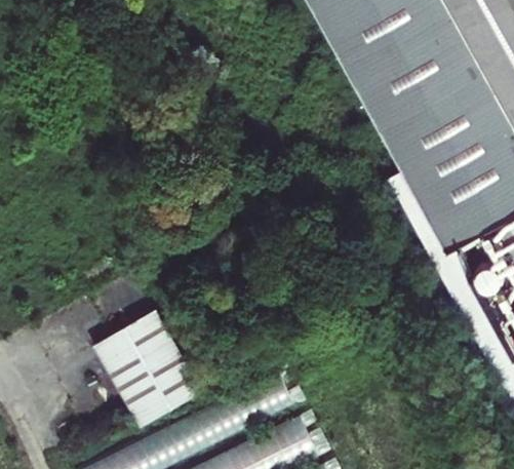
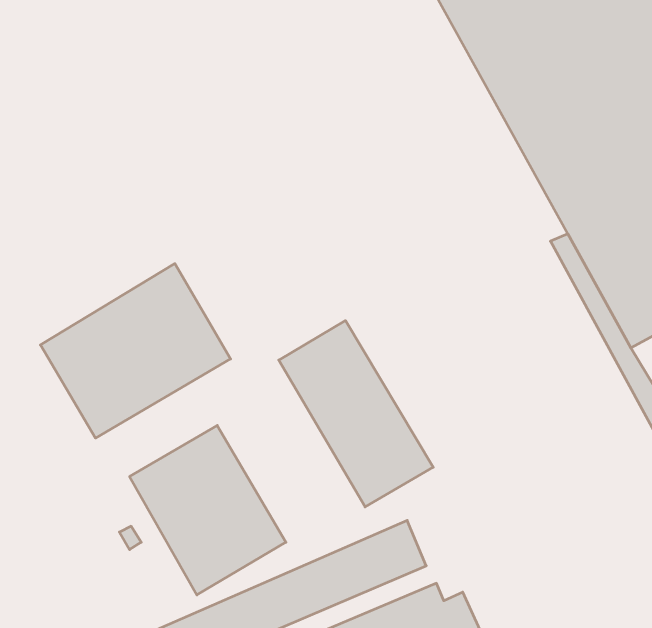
building: none -> [40,264,231,438]
building: none -> [279,321,433,507]

